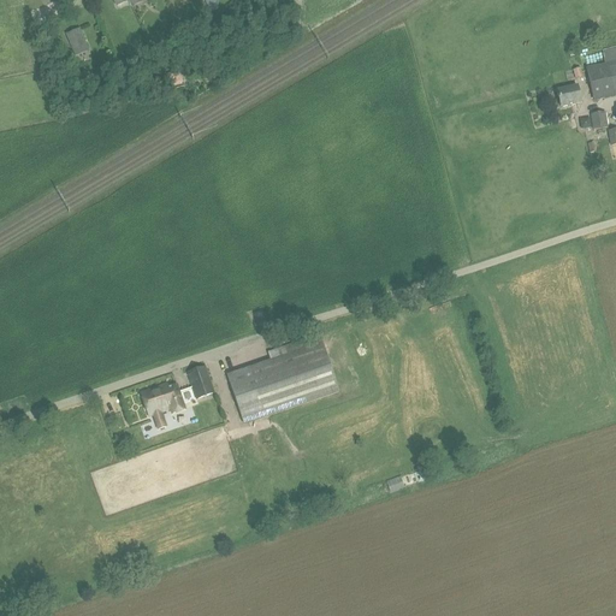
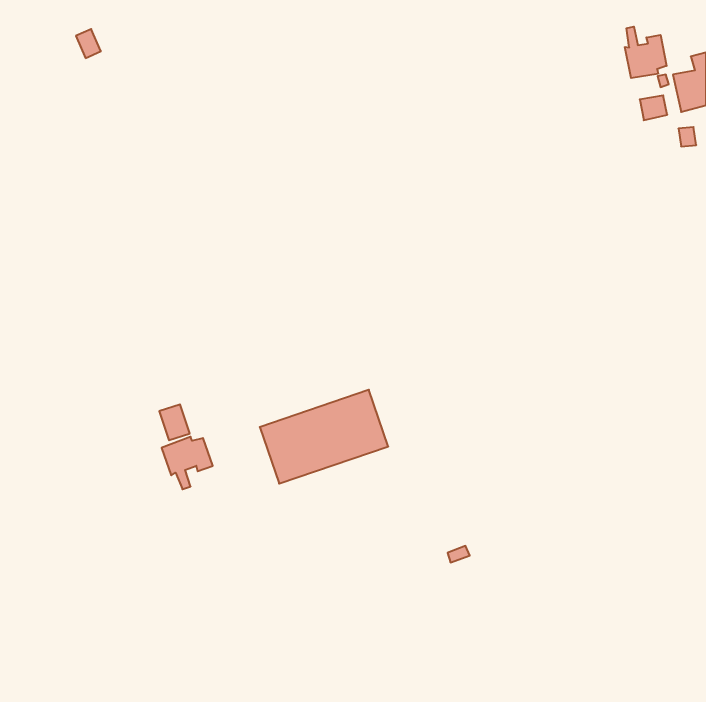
building: none -> [625,27,667,78]
building: [188,363,214,395] -> [159,404,190,440]

